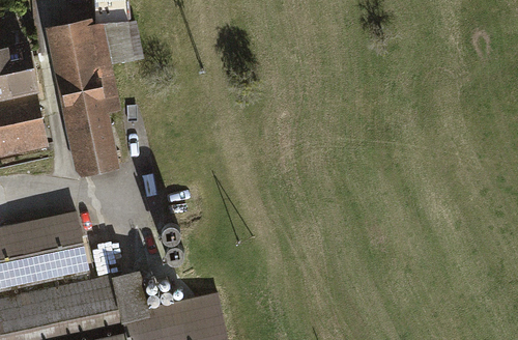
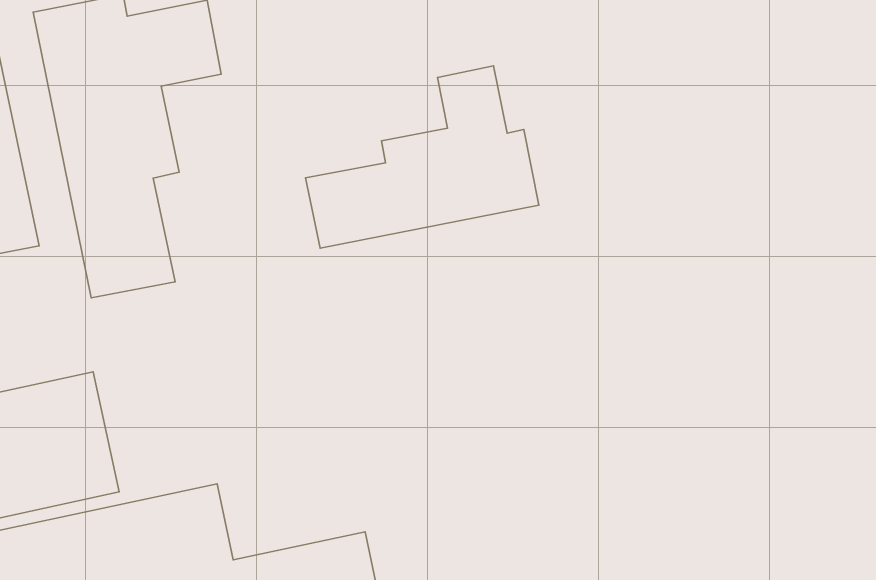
building: none -> [306,66,539,248]

